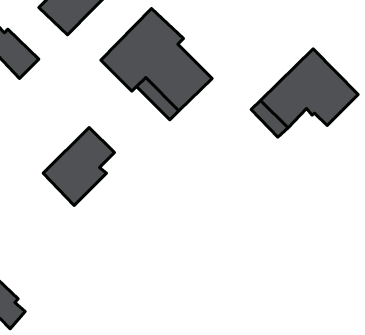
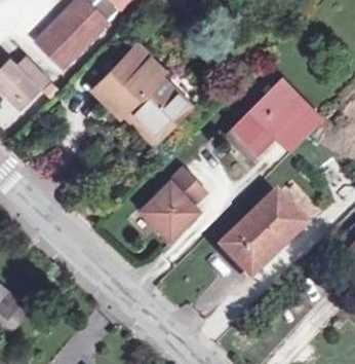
building: [43,127,114,205] -> [142,169,205,239]
building: none -> [222,191,310,279]

